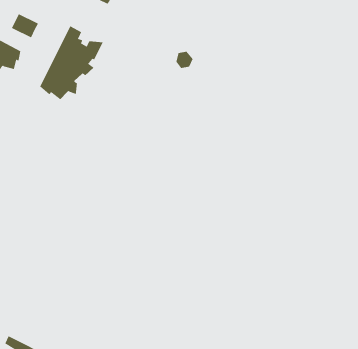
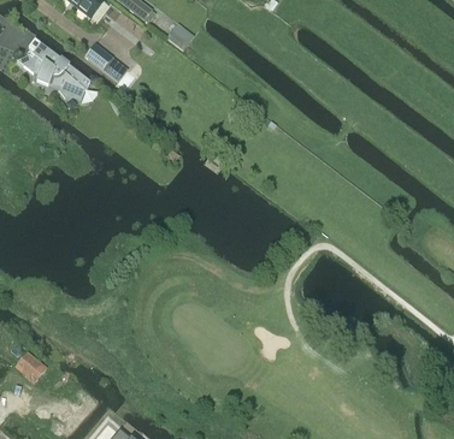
building: [39,25,104,100] -> none

